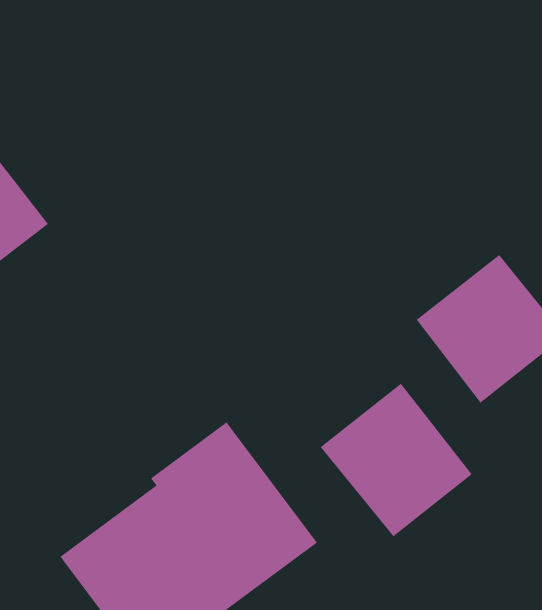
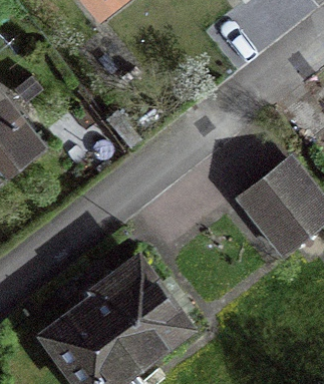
building: [320,383,472,537] -> none

